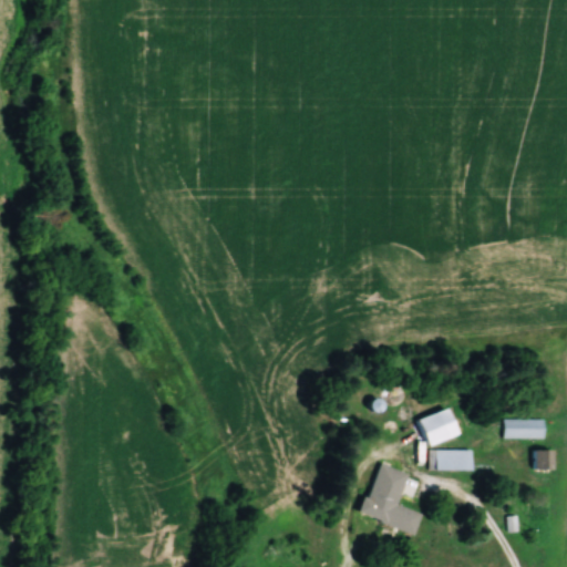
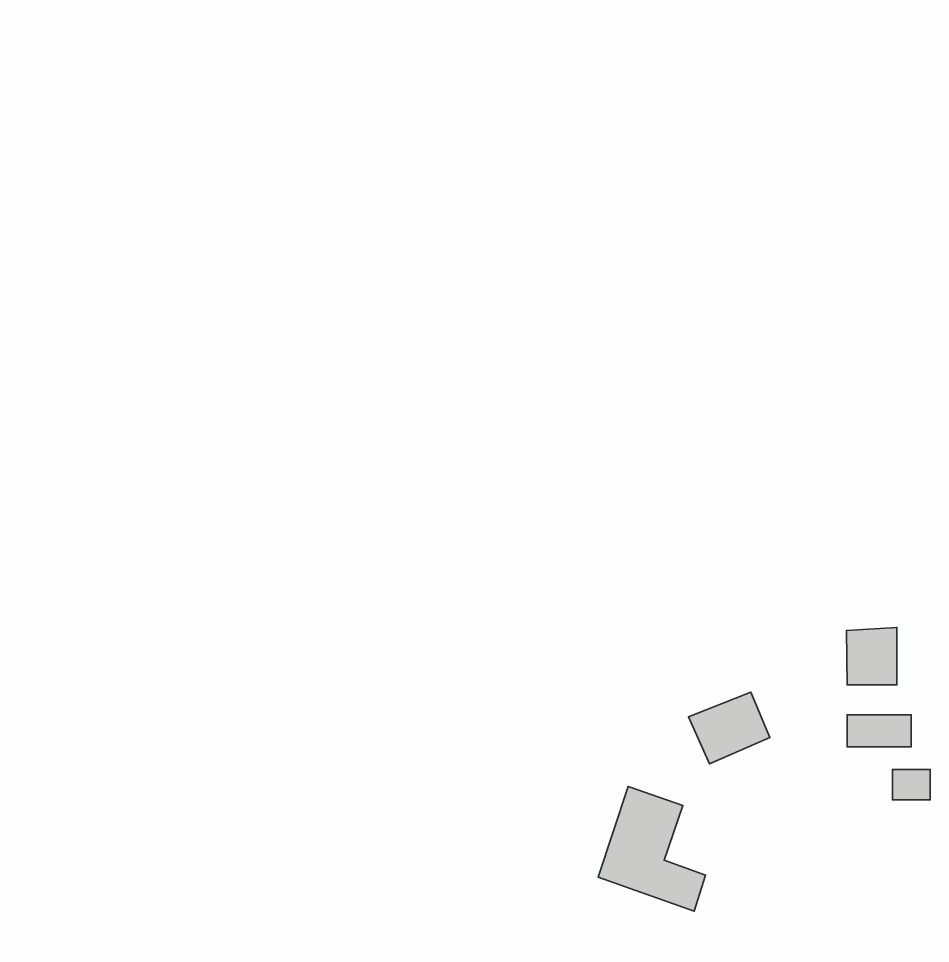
building: none -> [846,628,897,685]
building: [432,450,473,471] -> none

